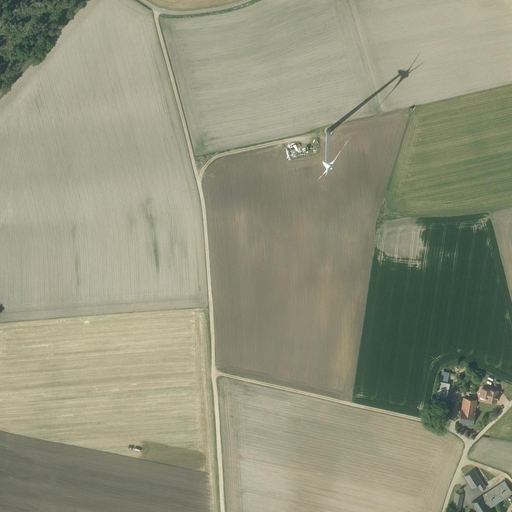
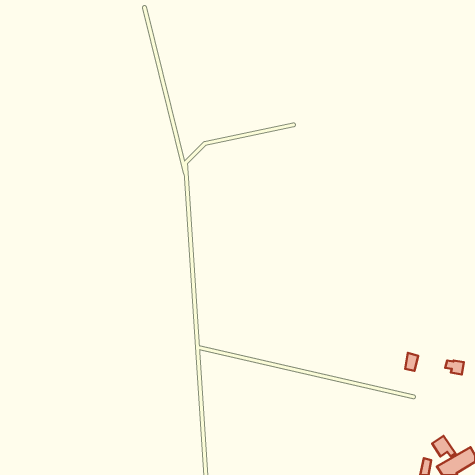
building: [458,396,476,423] -> none

